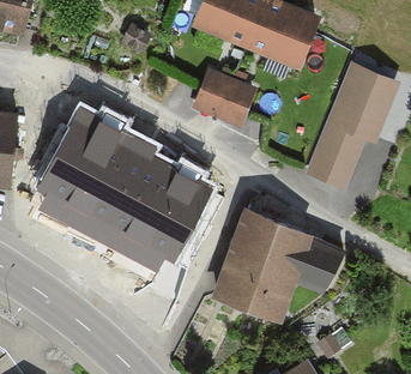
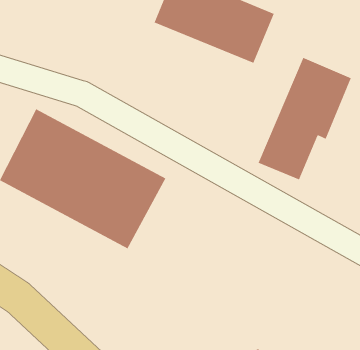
building: [193,70,256,126] -> none
building: [210,206,343,322] -> none

